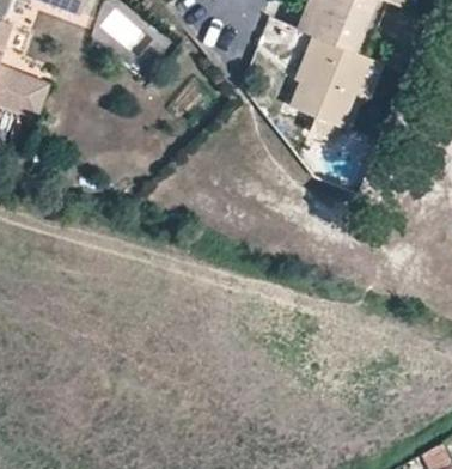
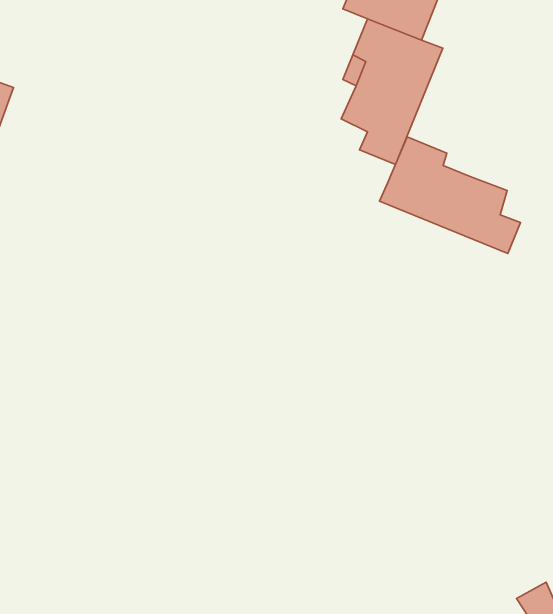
building: none -> [379,137,520,254]

